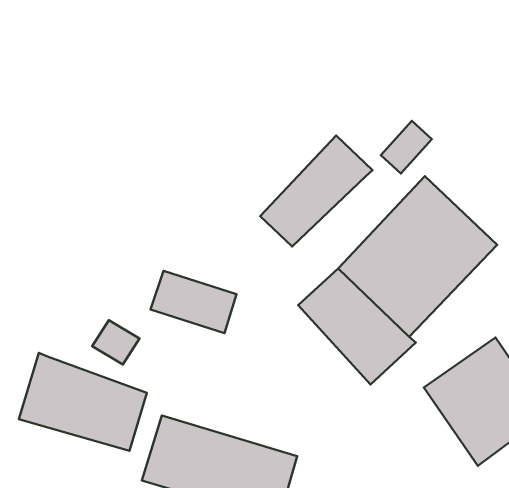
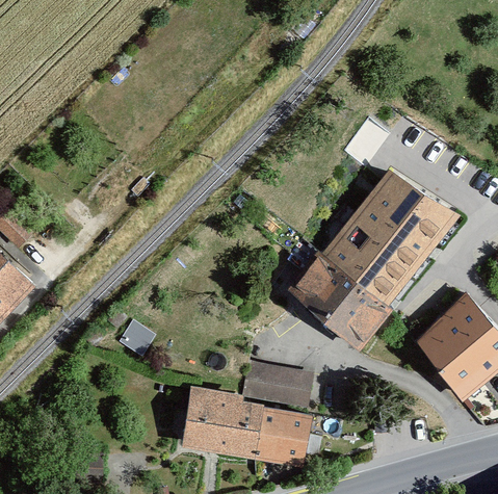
building: [260,135,372,246] -> none
building: [150,271,236,333] -> [244,361,316,408]
building: [19,353,147,451] -> none

